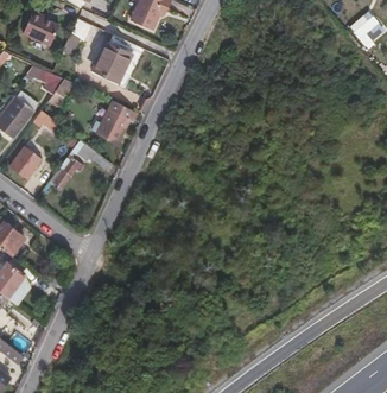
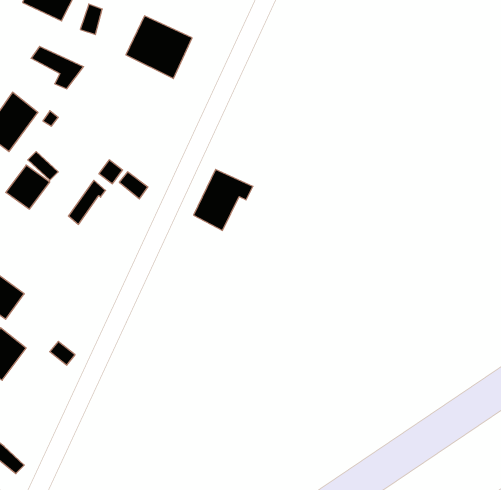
building: [95,101,137,144] -> [194,169,253,230]

